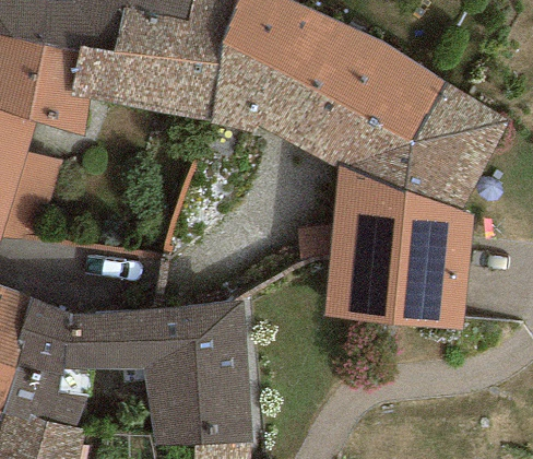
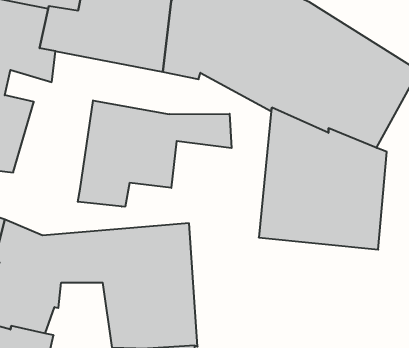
building: none -> [78,100,232,207]

